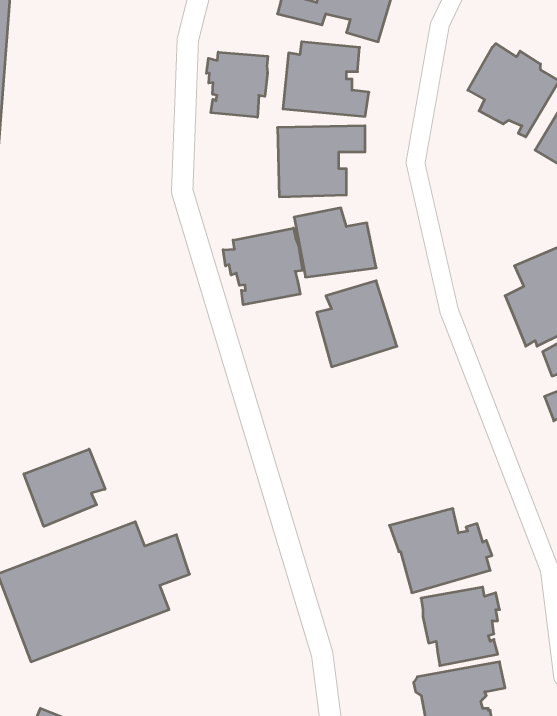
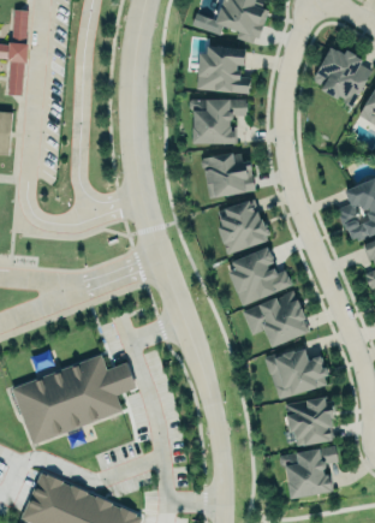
building: [206,52,268,117] -> none
building: [223,228,303,305] -> none
building: none -> [228,245,292,304]
building: none -> [242,289,310,347]
building: [24,449,105,526] -> none

